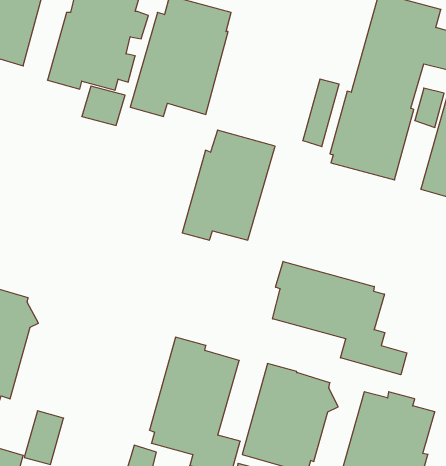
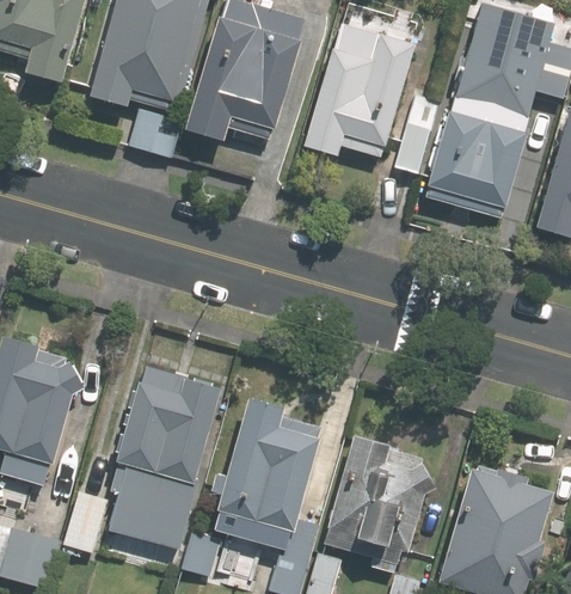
building: [182,130,275,240] -> [303,26,413,157]
building: [273,261,407,375] -> none
building: none -> [113,365,219,543]

